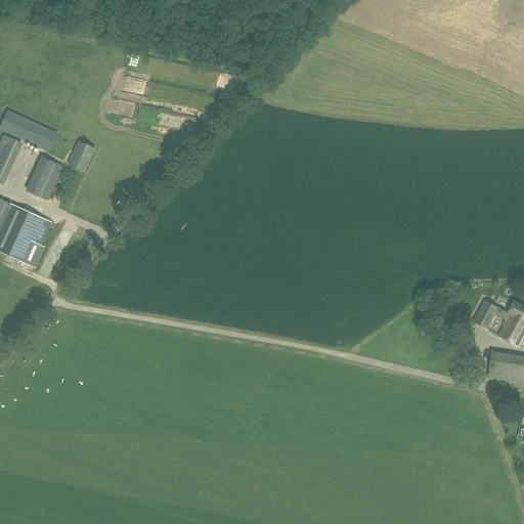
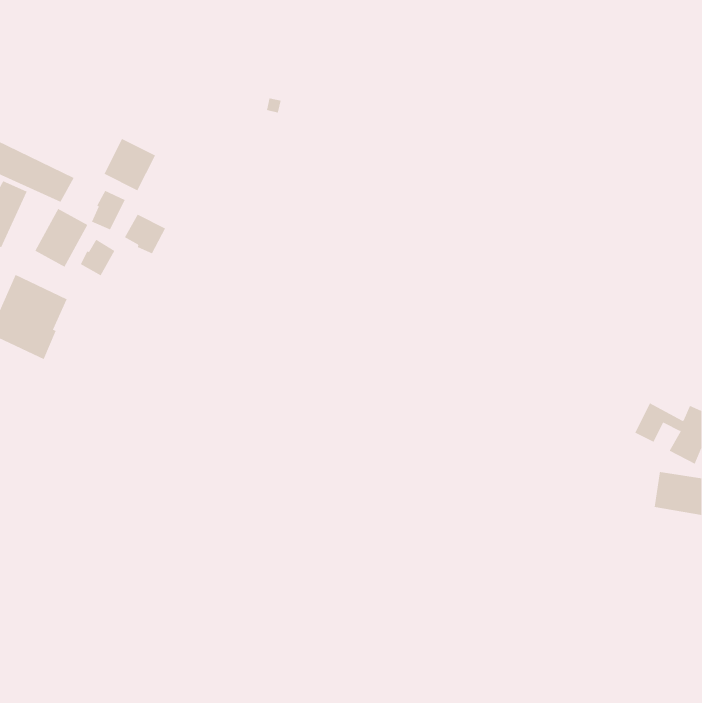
building: none -> [104,138,156,191]
building: none -> [124,214,166,254]
building: none -> [80,239,115,276]

